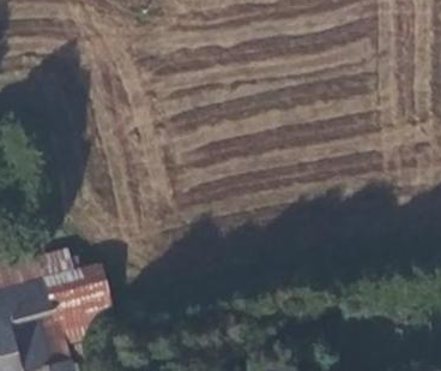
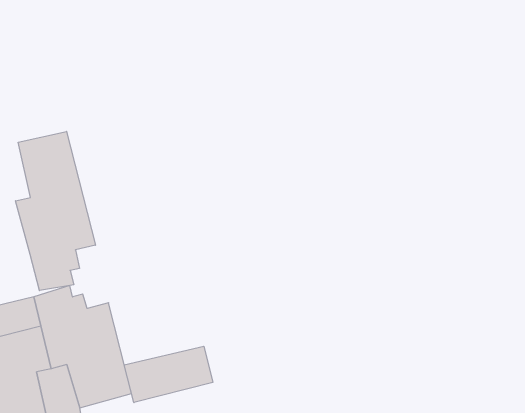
building: none -> [16,131,95,291]
building: none -> [124,346,213,403]

